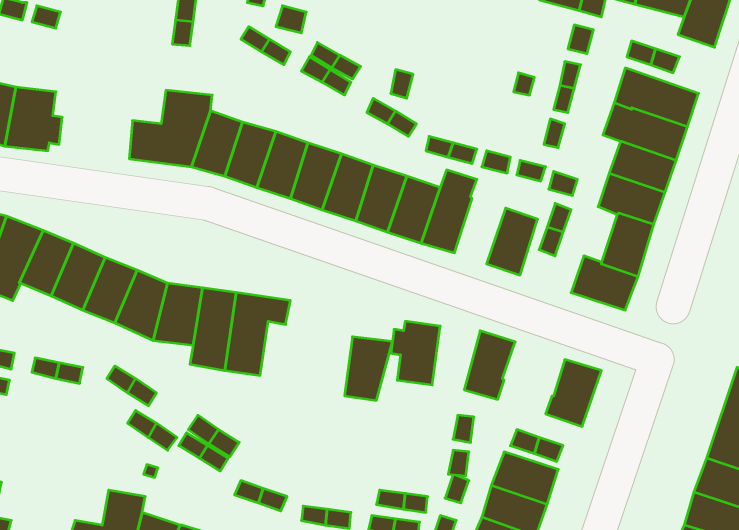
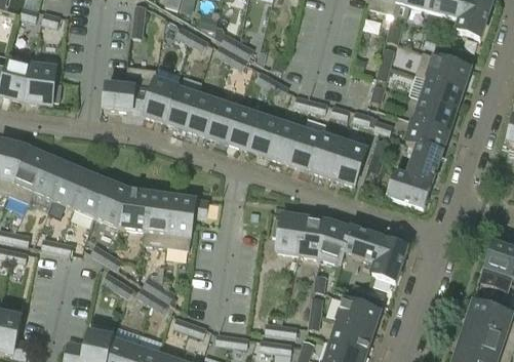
building: none -> [313,134,346,176]
building: [345,337,392,400] -> [299,216,329,257]
building: none -> [344,227,384,262]

